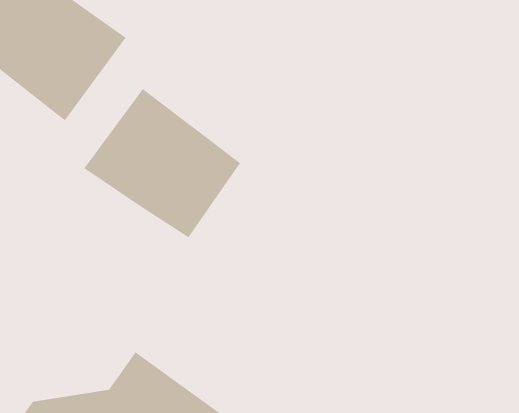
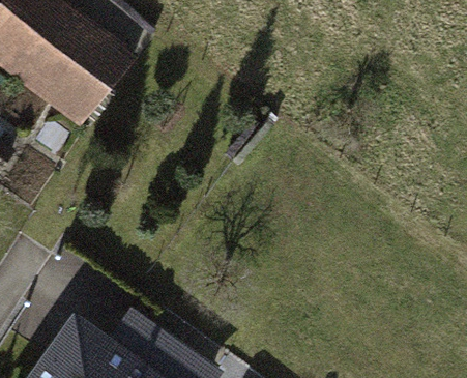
building: [84,88,241,238] -> none

